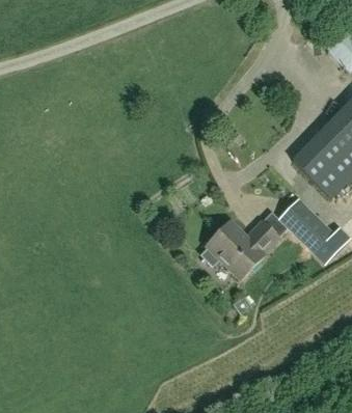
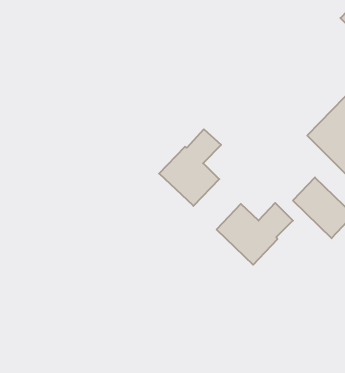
building: none -> [159,129,221,206]

